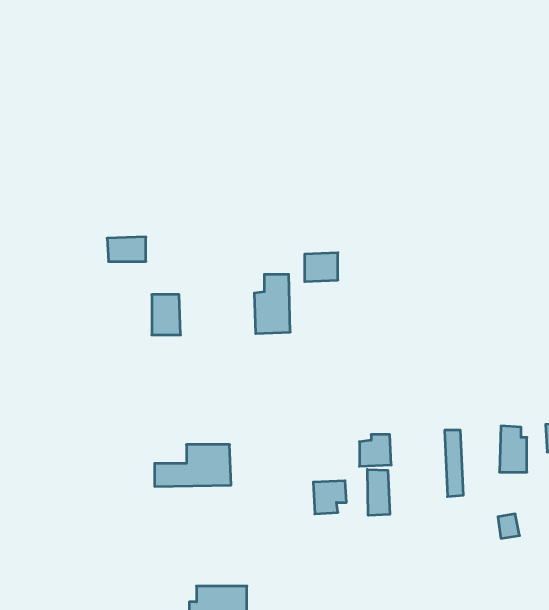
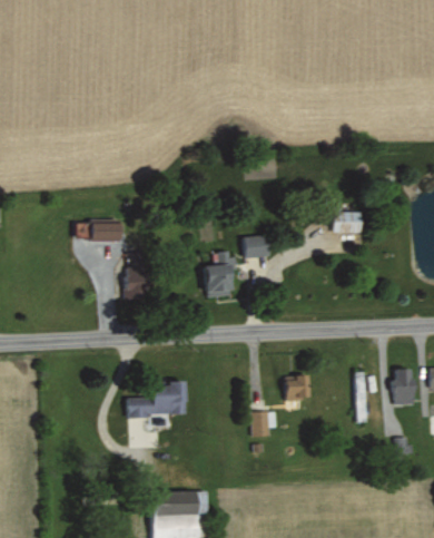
building: none -> [331,212,361,233]
building: [367,469,390,515] -> none

